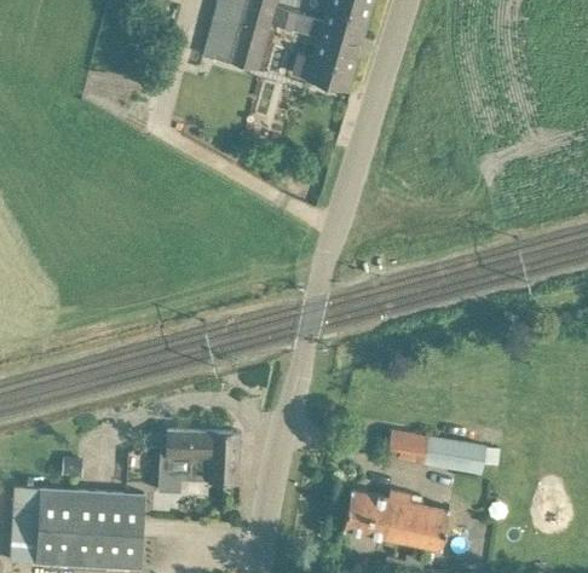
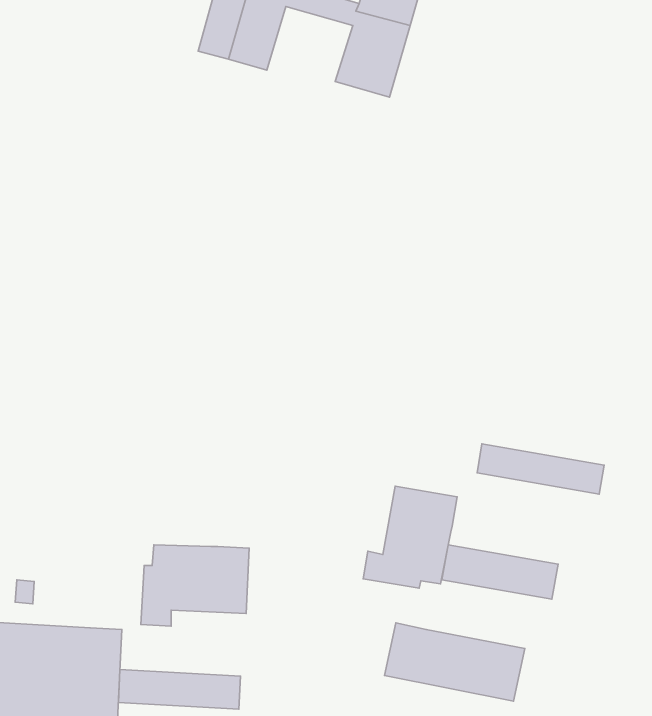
building: none -> [477,444,604,494]
building: none -> [363,486,457,588]
building: none -> [118,669,240,709]

